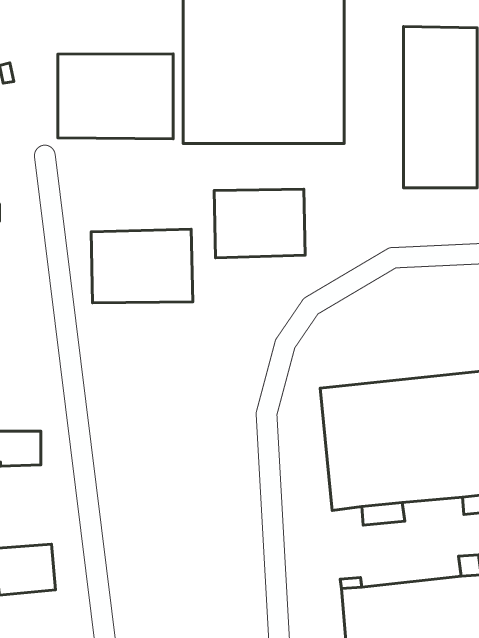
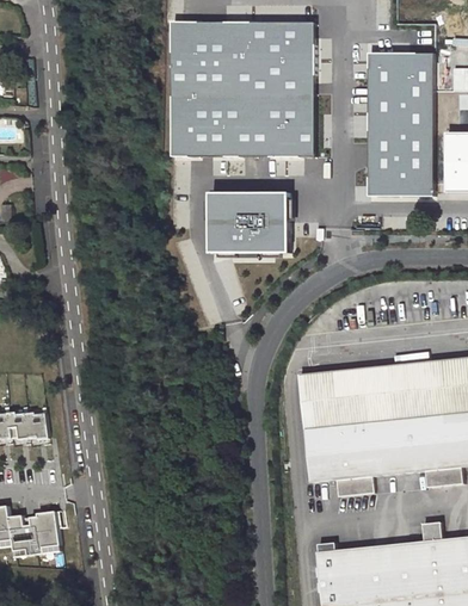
building: [58,54,173,139] -> none
building: [91,229,193,303] -> none

